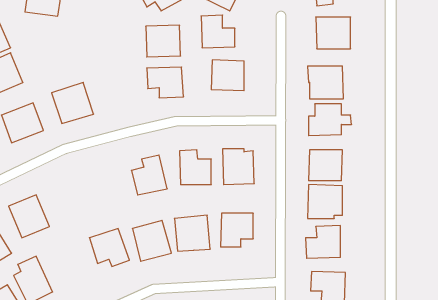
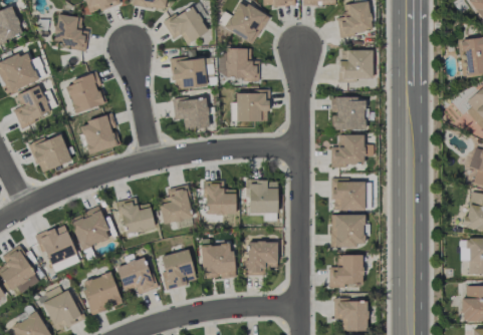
building: none -> [64,73,105,114]
building: none -> [117,198,155,235]
building: none -> [68,208,111,251]
building: none -> [80,273,122,314]

